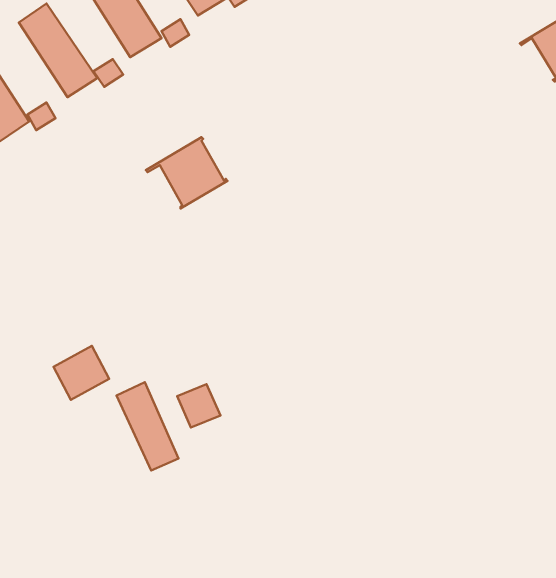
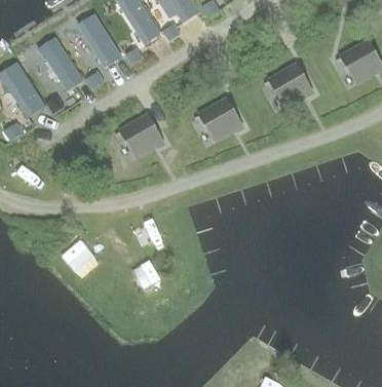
building: none -> [263,65,311,107]
building: none -> [193,100,241,141]
building: [117,382,179,470] -> none

